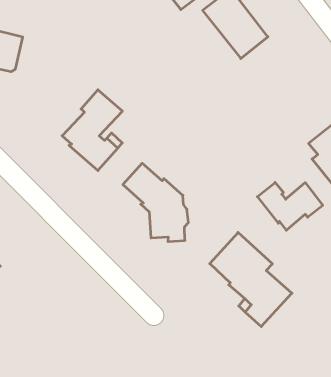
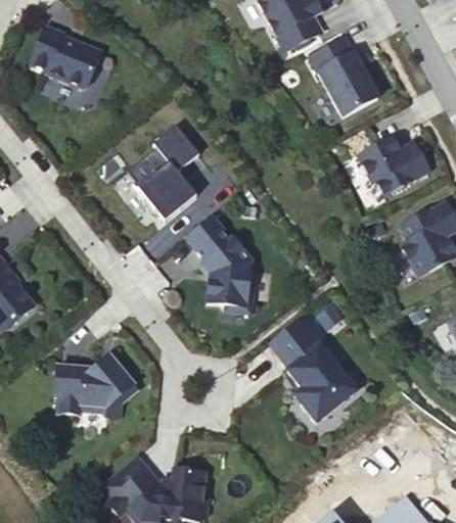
building: none -> [356,137,427,194]
building: [257,182,323,230] -> none
building: none -> [54,361,136,416]

